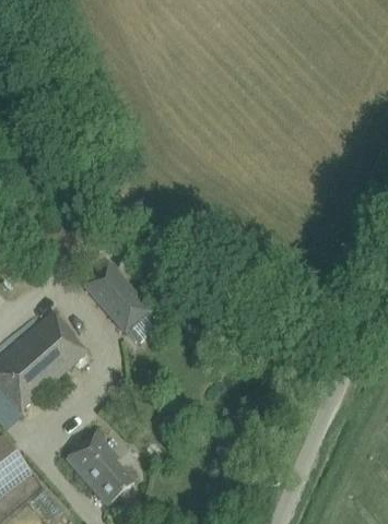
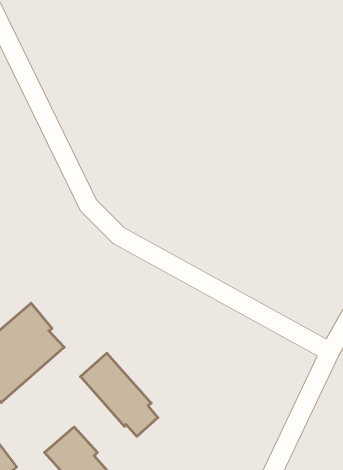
building: [81,261,157,343] -> [80,353,158,436]

